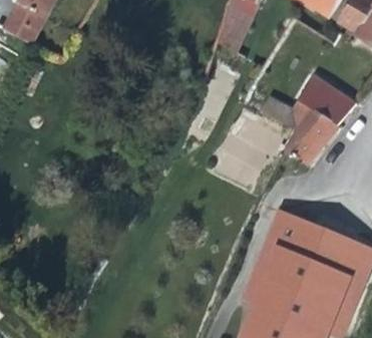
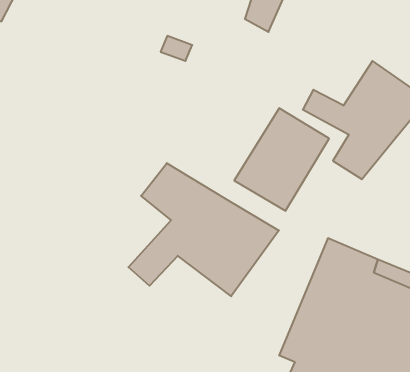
building: none -> [128,163,279,296]

